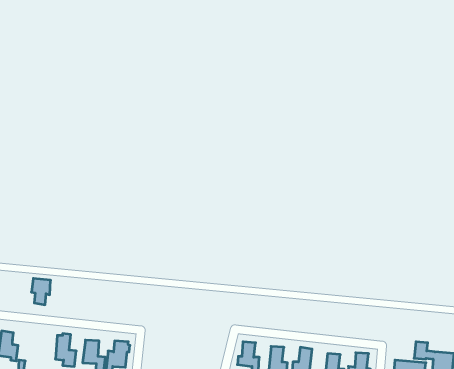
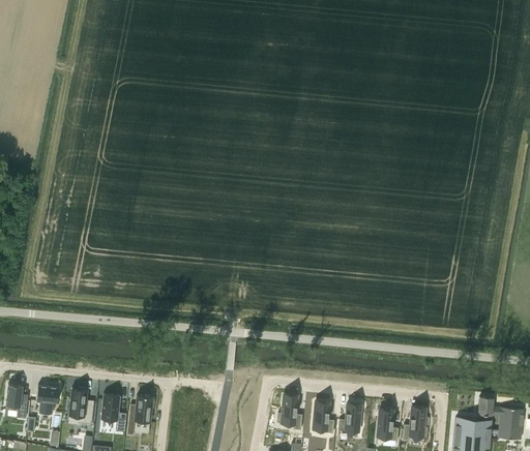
building: [31,278,51,305] -> [36,385,58,415]

